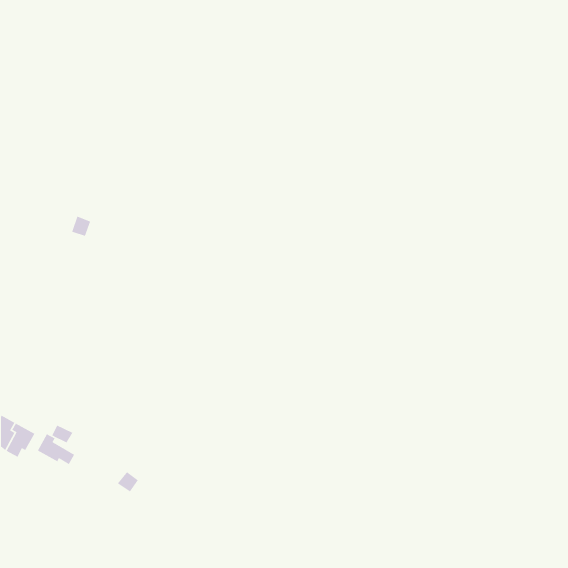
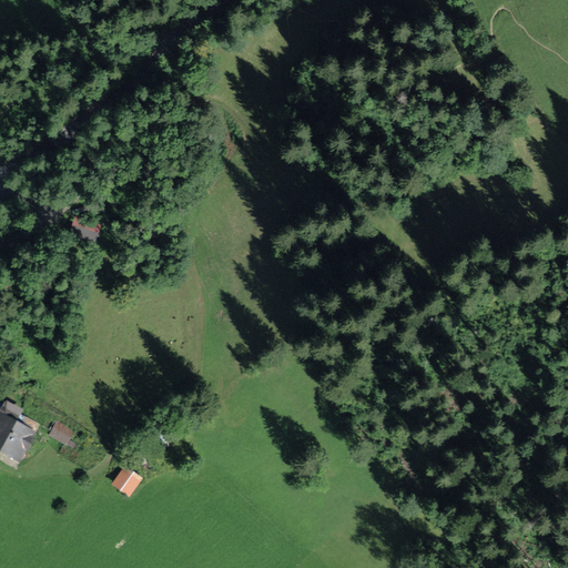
building: [37,433,75,465] -> none

